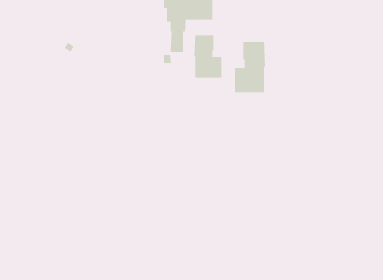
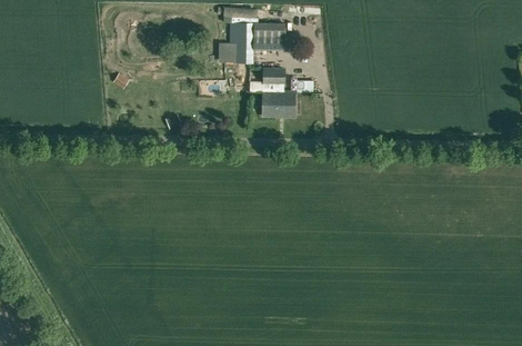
building: [234,41,266,93] -> none

